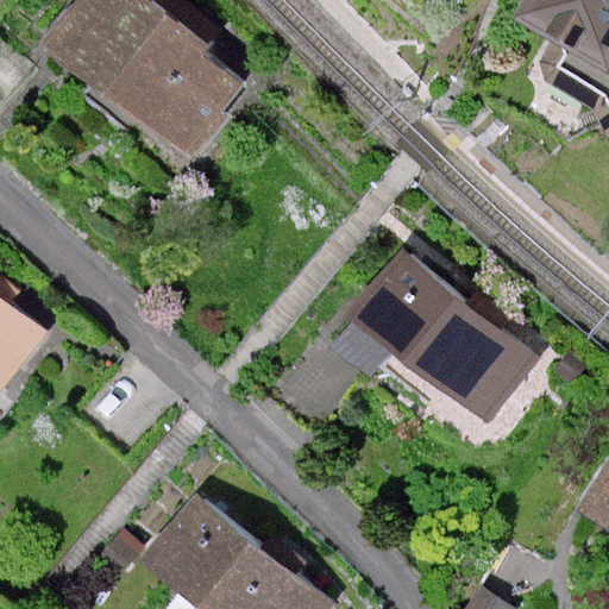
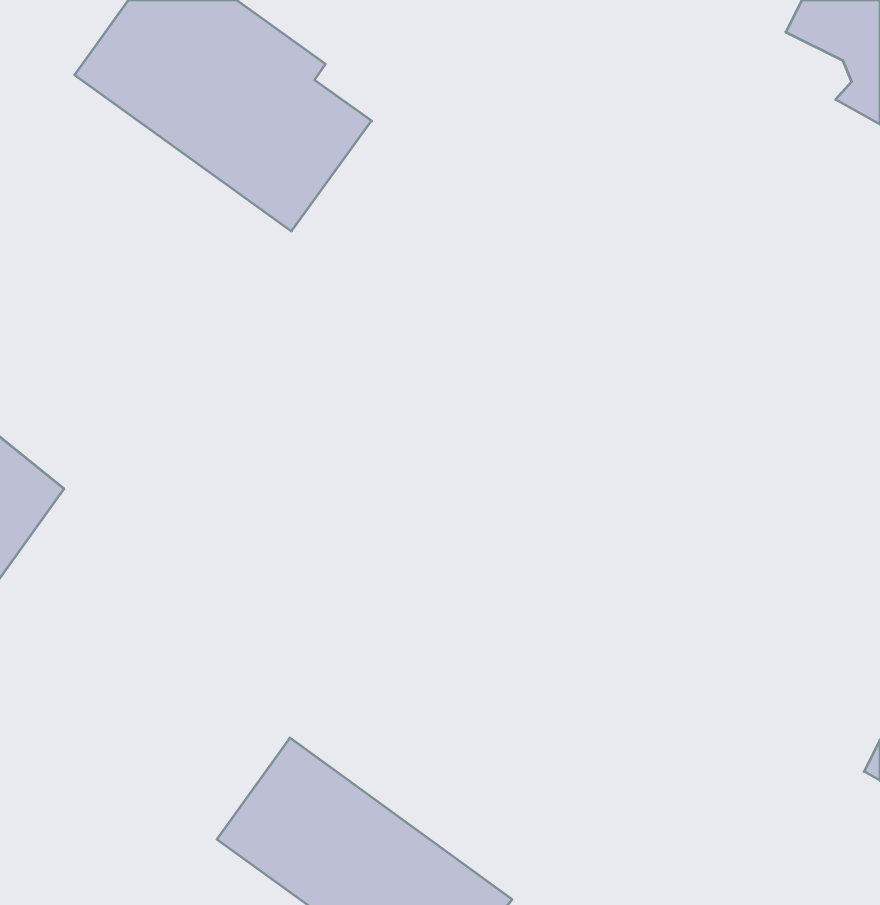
building: [351,255,539,425] -> none

